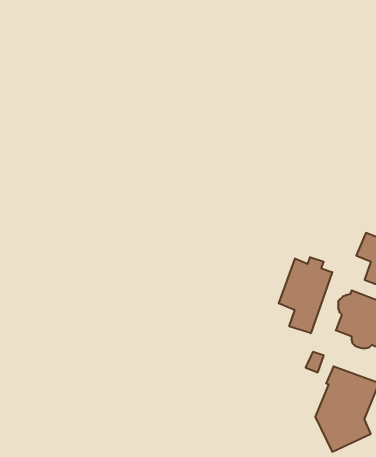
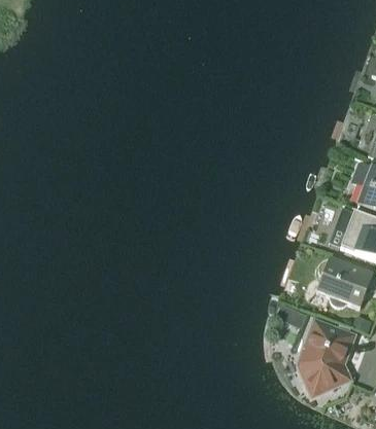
building: [279,257,332,333] -> none

